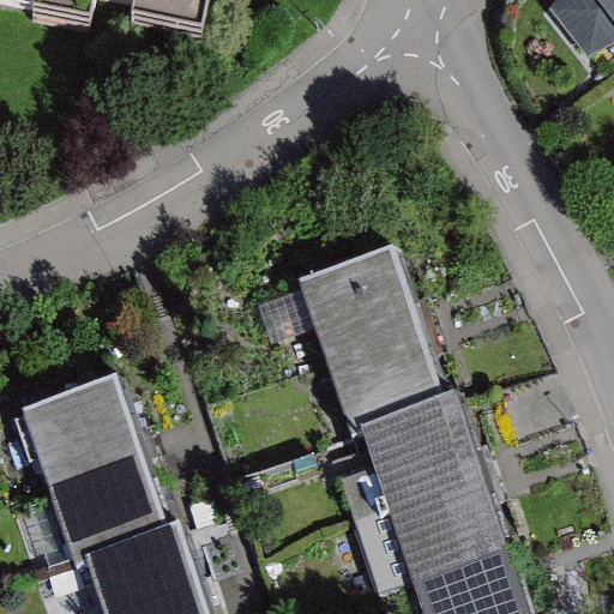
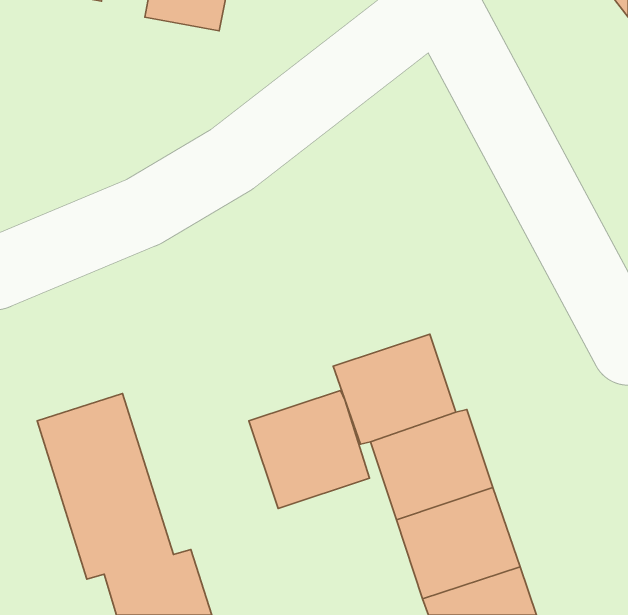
building: [297,248,416,355] -> none
building: none -> [249,391,370,509]

